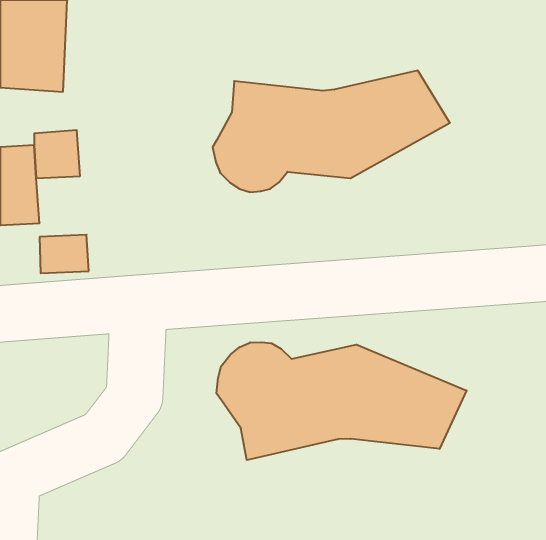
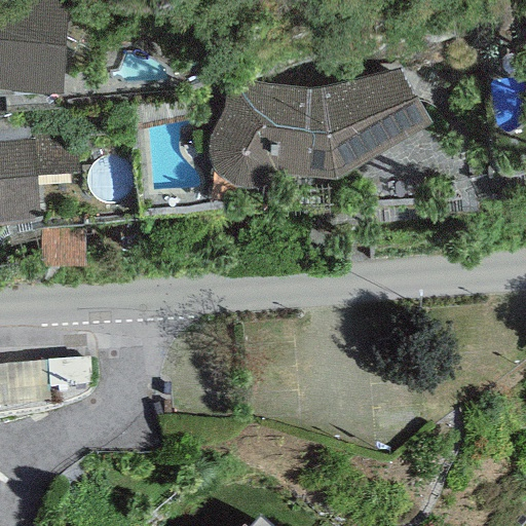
building: [217,342,467,460] -> none

